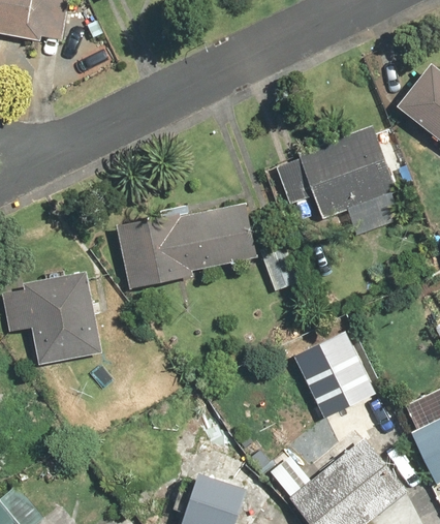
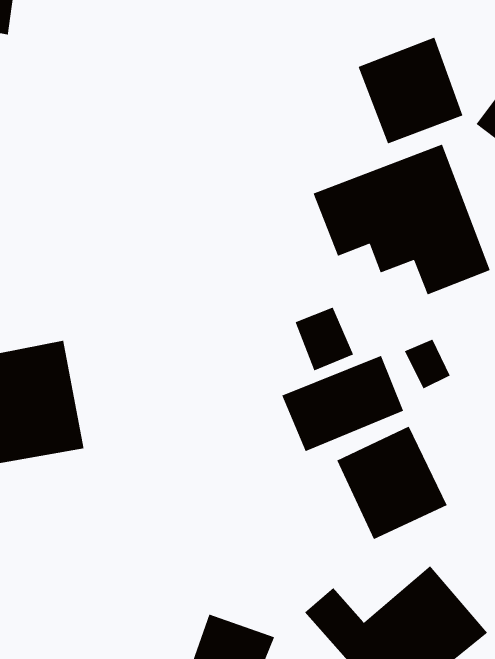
building: none -> [357,37,464,144]
building: [118,203,257,288] -> none
building: none -> [281,355,404,452]

